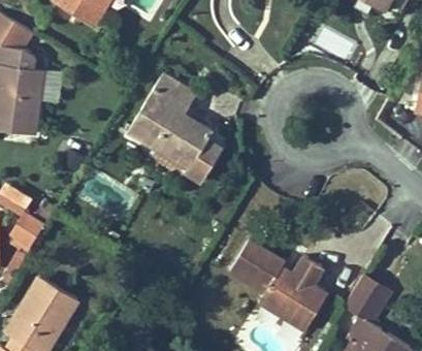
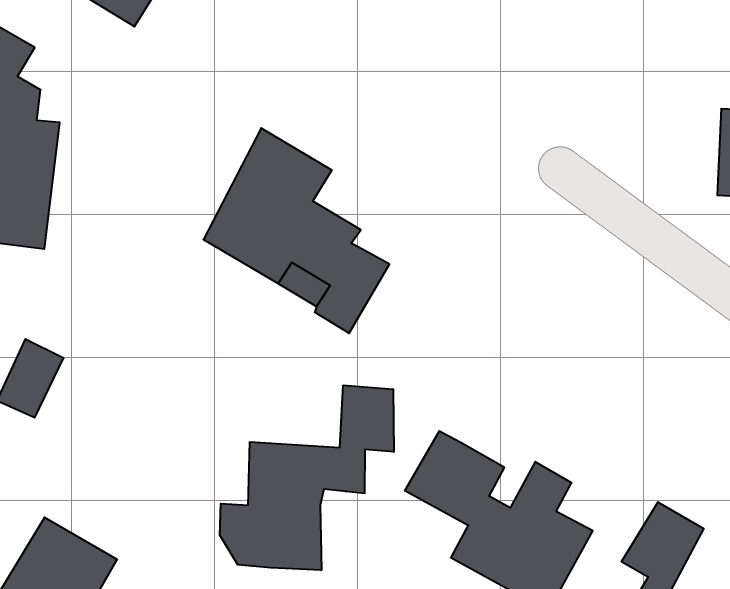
building: none -> [220,385,394,570]

